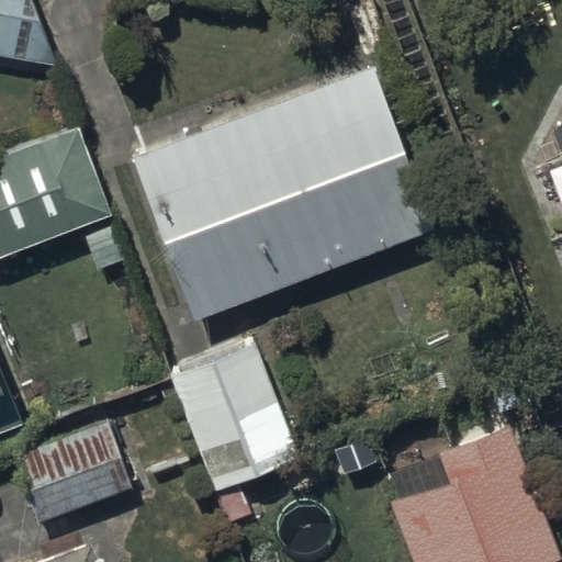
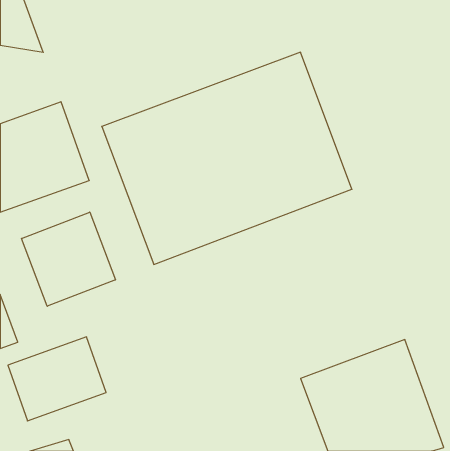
building: none -> [22,212,115,306]
building: [167,344,297,490] -> none

